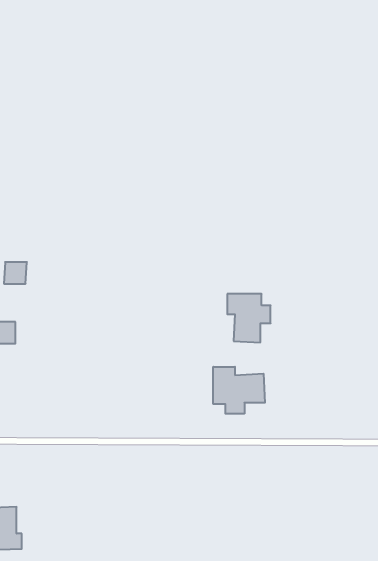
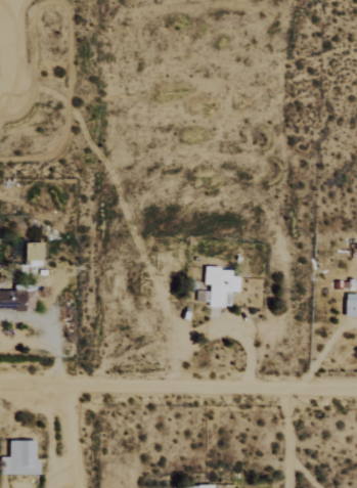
building: [213,367,265,414] -> none

